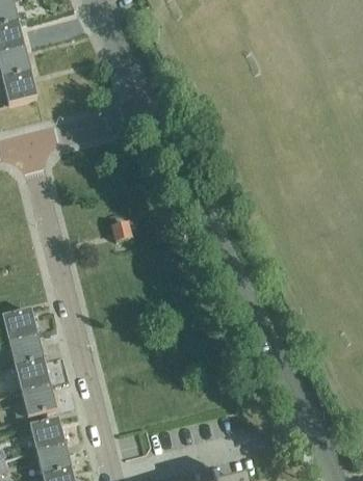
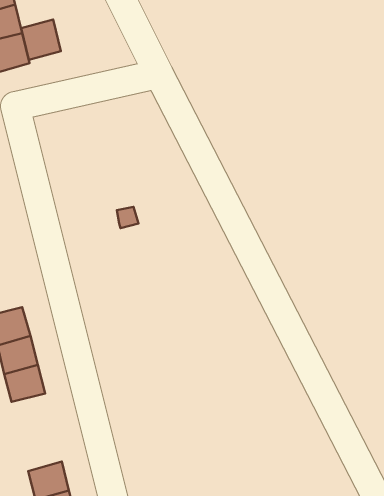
building: none -> [21,20,61,60]
building: [21,383,56,417] -> none
building: [29,418,64,451] -> none

